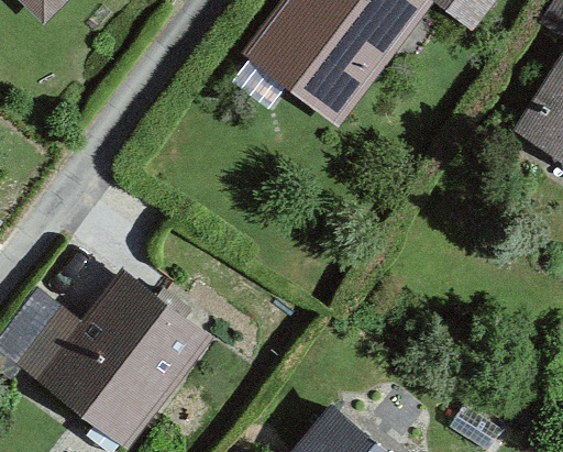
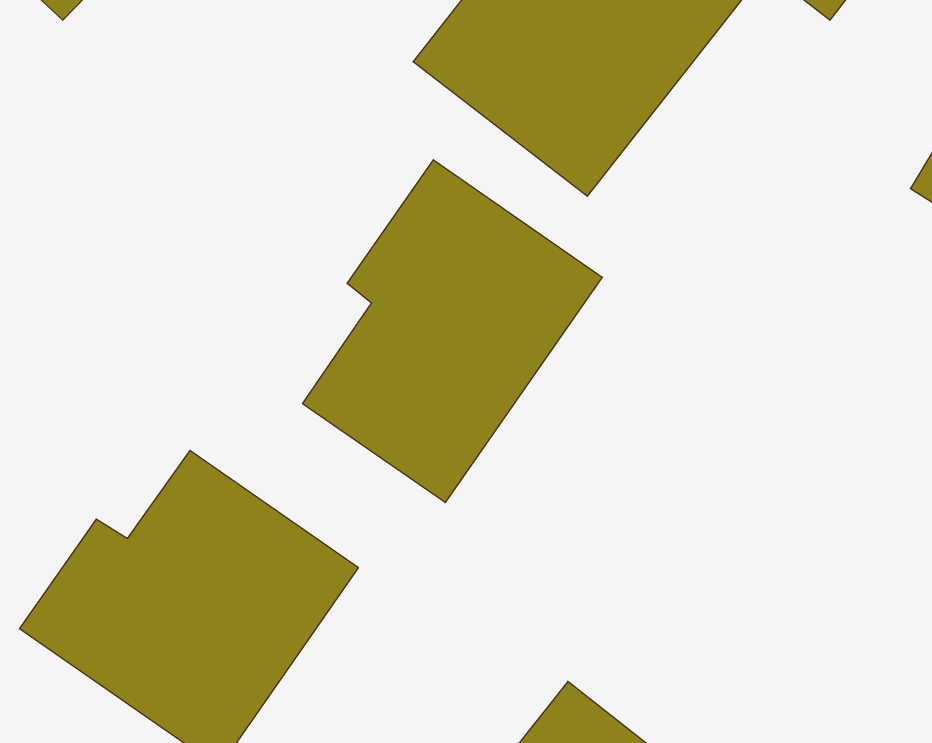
building: none -> [303,160,602,503]

